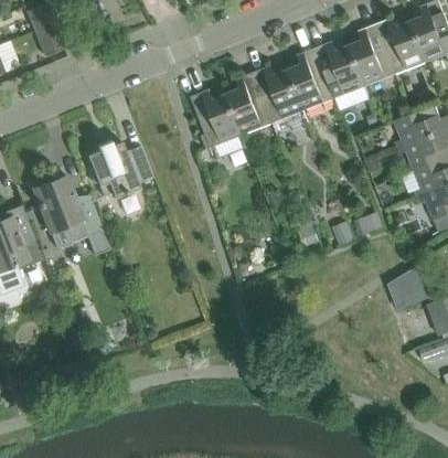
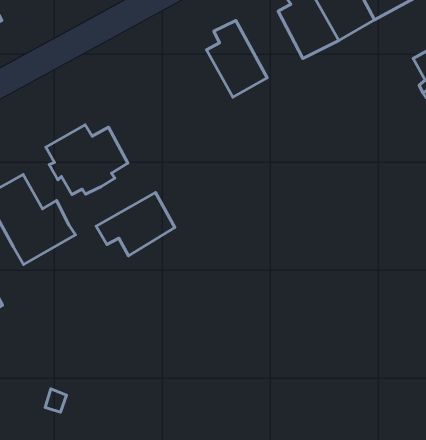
building: [254,65,305,121] -> none
building: [190,89,244,149] -> none
building: none -> [96,193,175,256]

